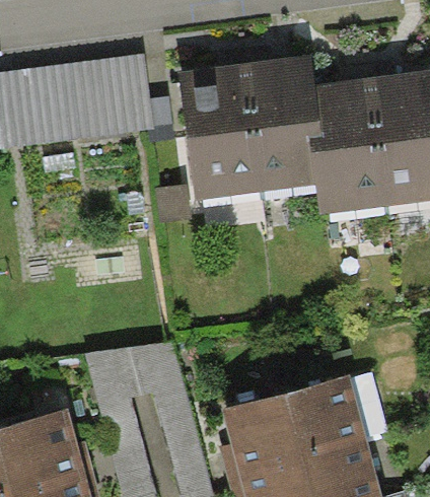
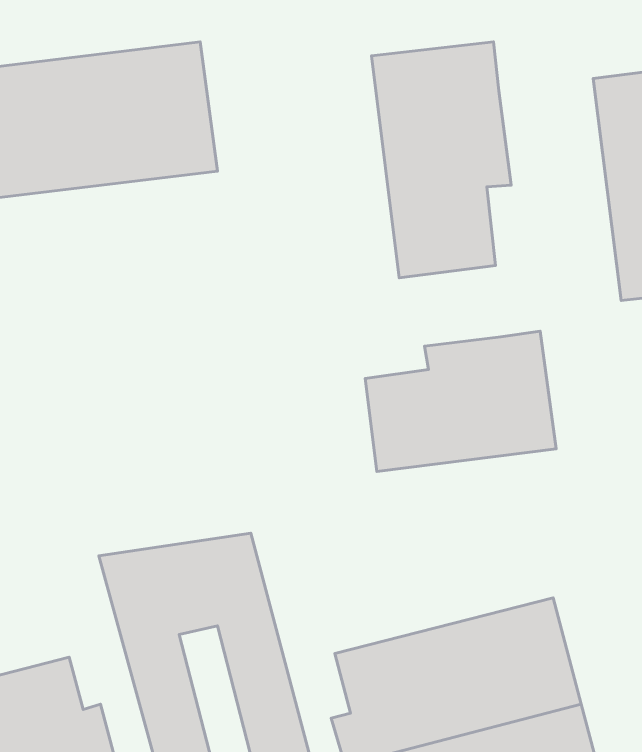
building: [180,63,259,200] -> none
building: [309,76,387,214] -> none
building: none -> [365,331,556,471]

